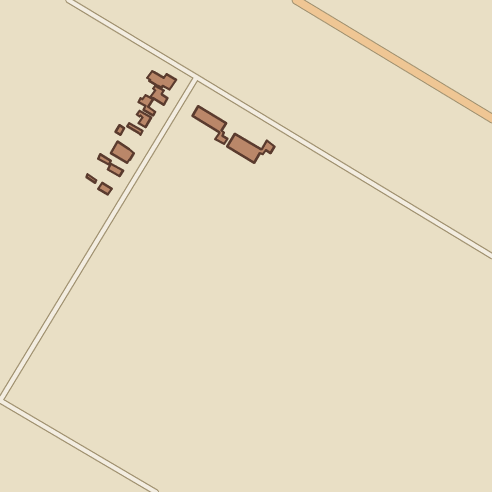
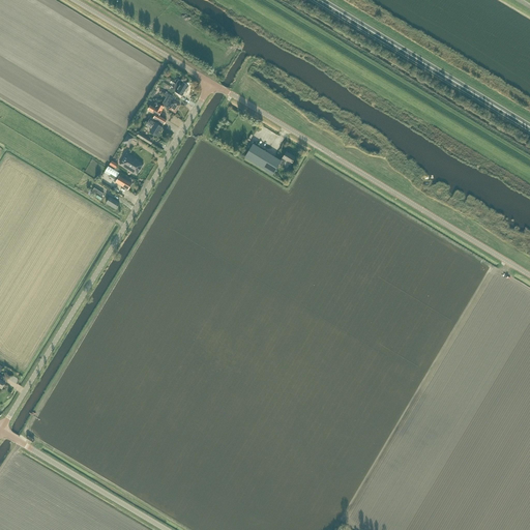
building: [193,106,227,144] -> none

